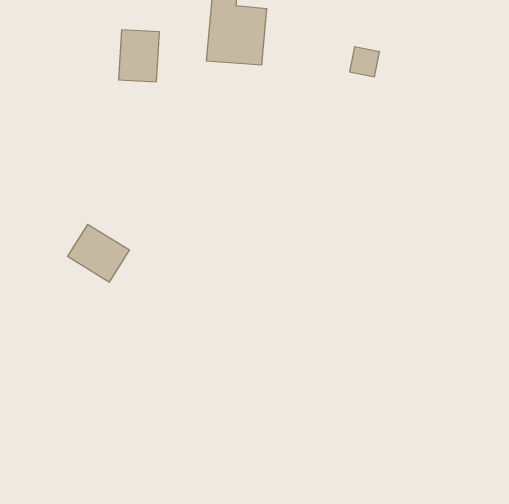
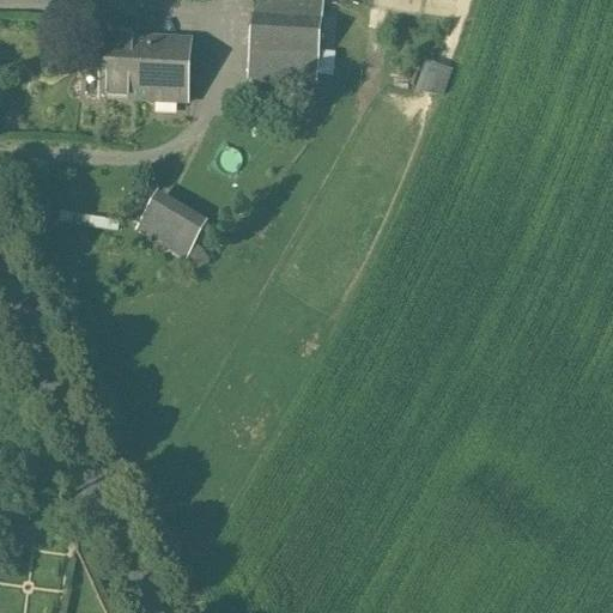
building: none -> [86,34,146,96]
building: [68,224,129,282] -> [134,188,208,257]

